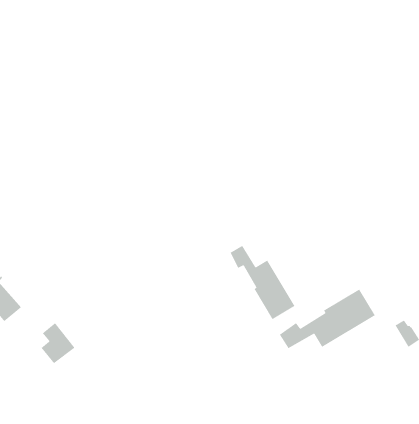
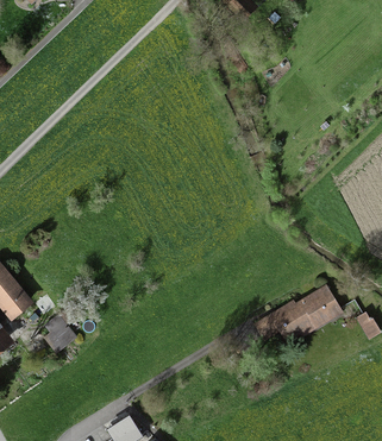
building: [229,245,295,320] -> none

